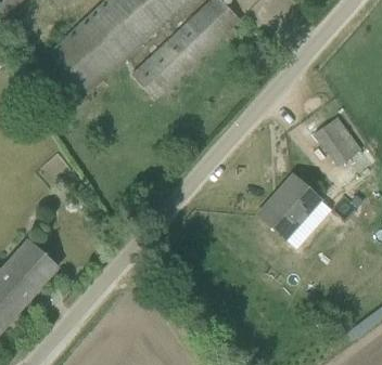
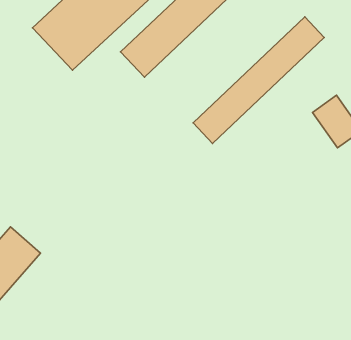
building: none -> [193,17,324,143]
building: [257,175,319,239] -> none

